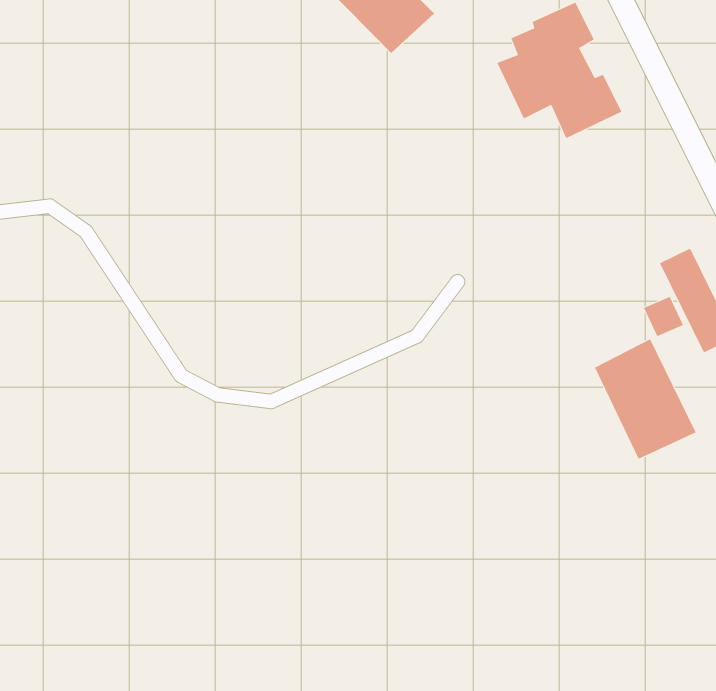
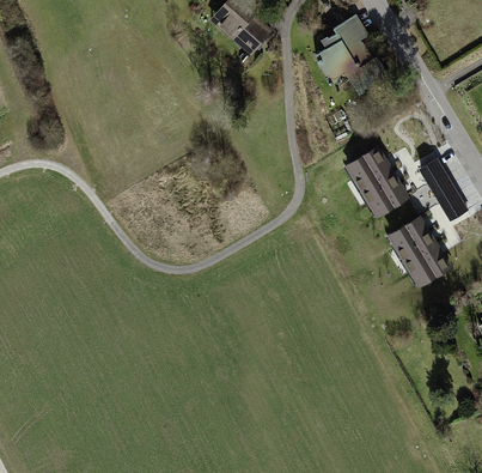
building: none -> [346,144,410,216]

